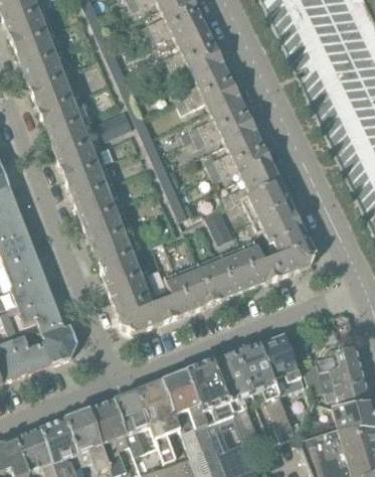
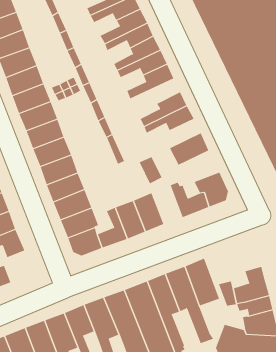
building: [193,114,255,147] -> none
building: [221,163,280,206] -> none
building: [252,202,304,243] -> none
building: [220,245,257,293] -> none
building: [39,323,78,364] -> none

